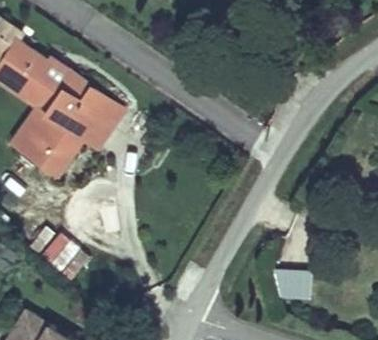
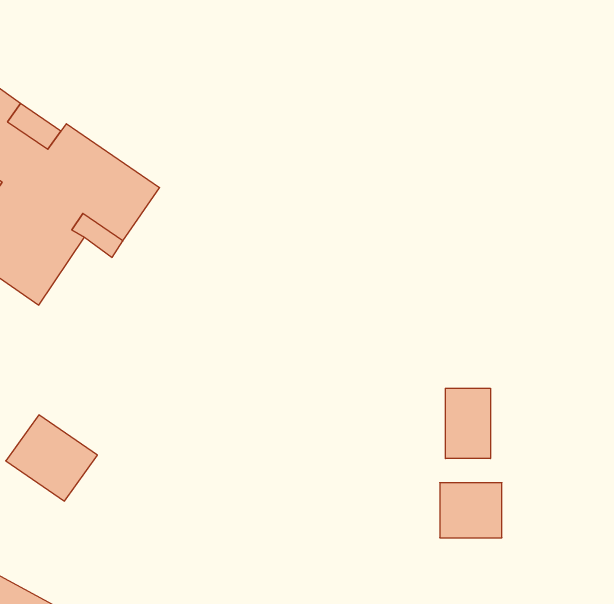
building: none -> [445,388,490,459]

